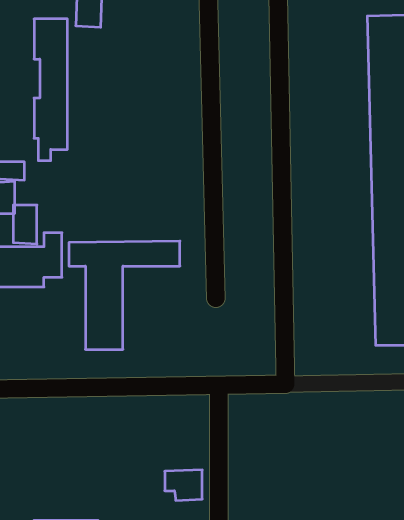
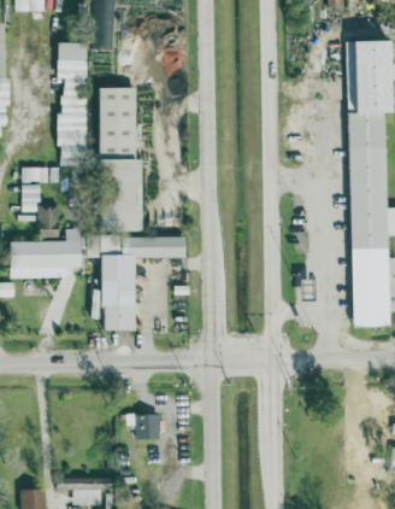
building: none -> [100,88,145,232]
building: [165,470,202,500] -> [128,414,160,440]

